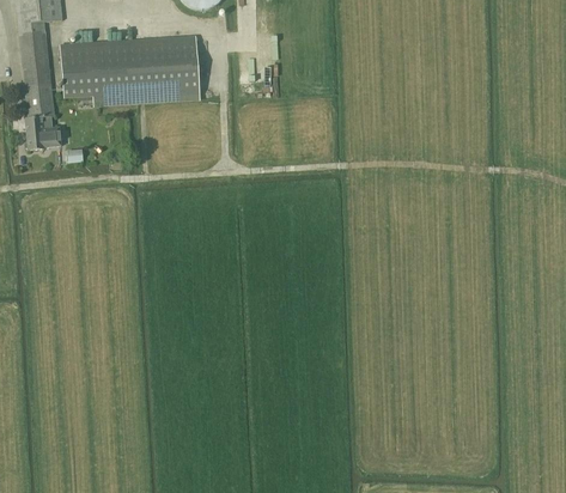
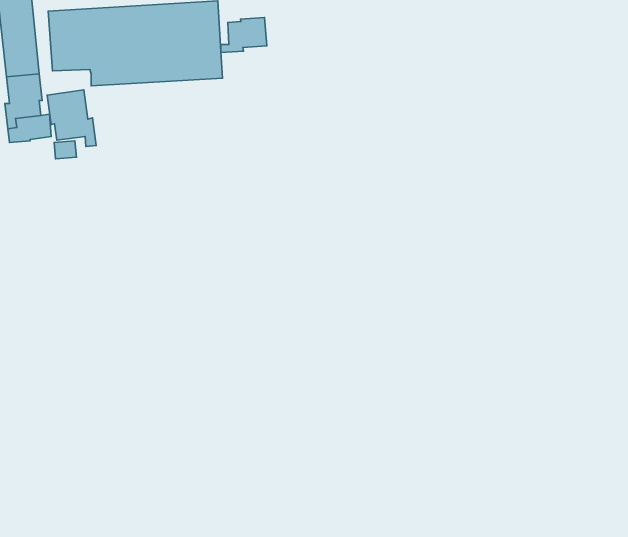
building: none -> [221,18,267,52]
building: none -> [47,90,96,146]

